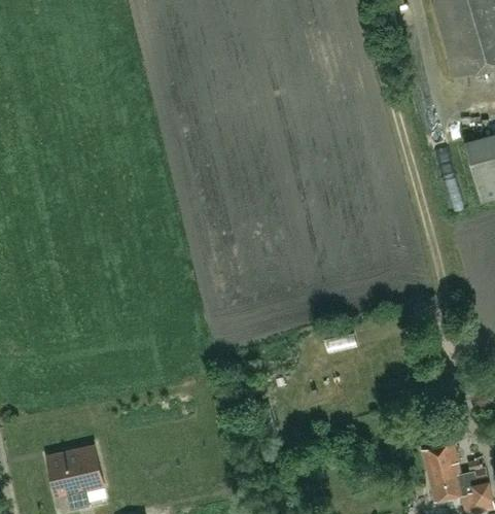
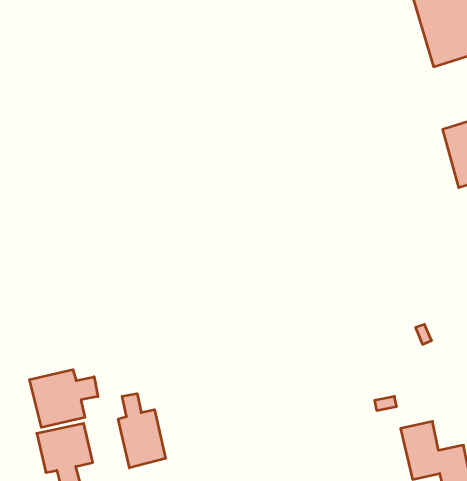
building: none -> [29,370,98,427]
building: none -> [118,394,166,468]

